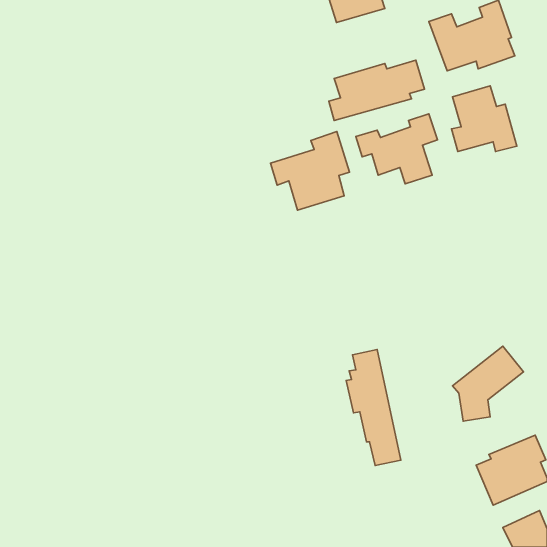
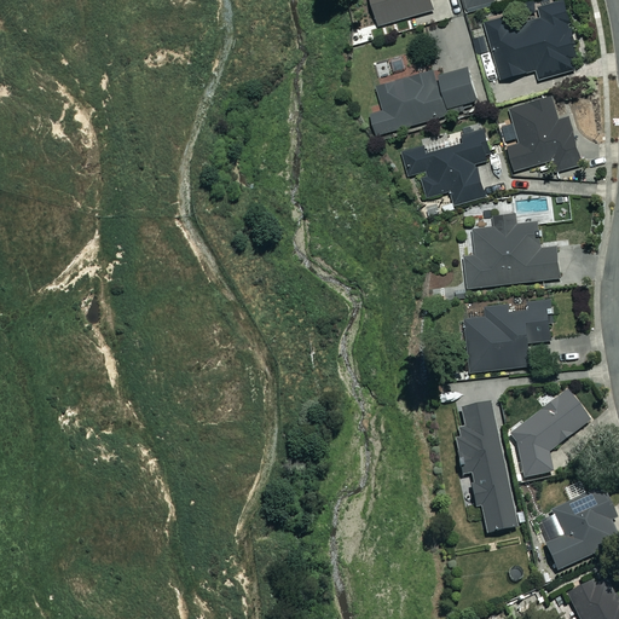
building: [270,132,349,210] -> none
building: none -> [463,214,560,288]
building: none -> [464,297,550,370]
building: [346,349,401,466] -> [453,403,515,533]

